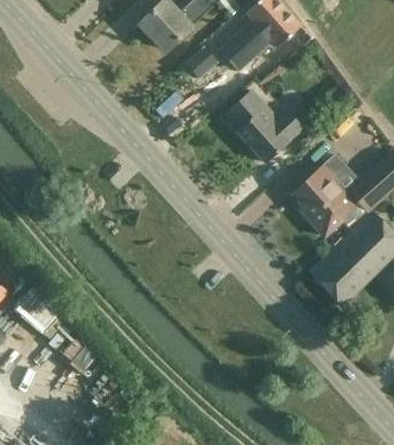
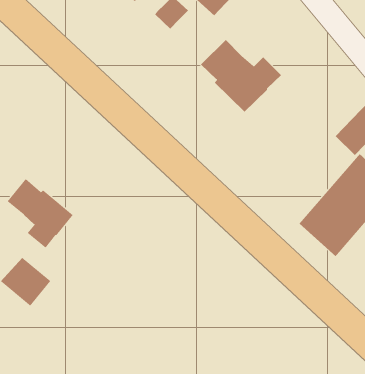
building: [291,160,356,236] -> none
building: none -> [7,178,74,249]

